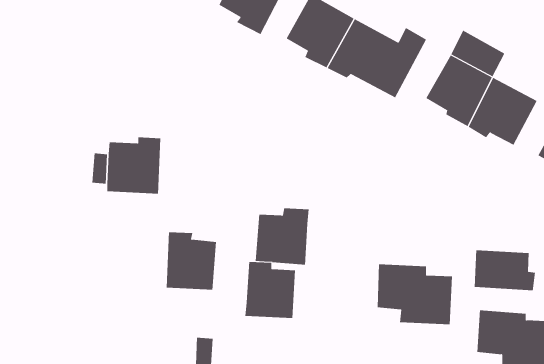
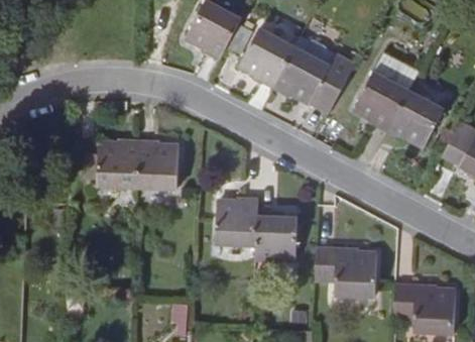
building: [166,232,217,290] -> [138,142,180,190]
building: [474,249,535,291] -> none
building: [245,261,296,319] -> [256,212,298,258]

